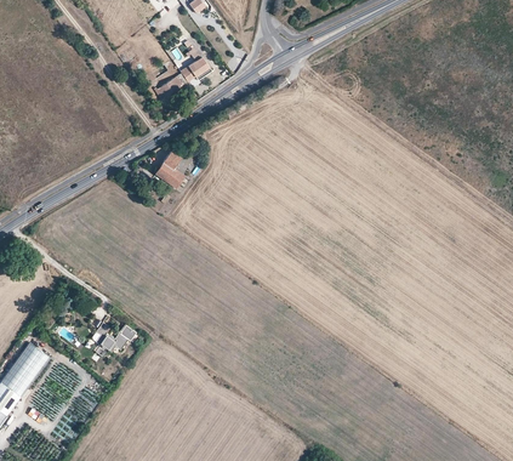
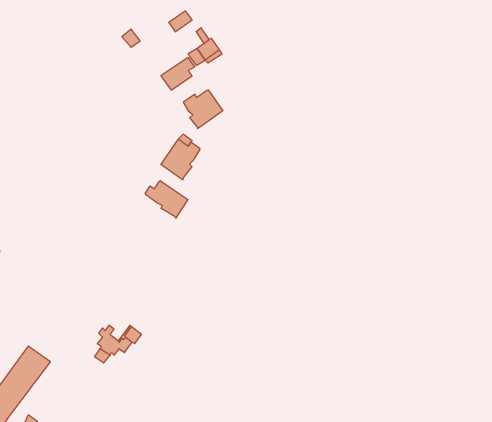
building: none -> [184,90,223,129]
building: none -> [145,181,188,218]

